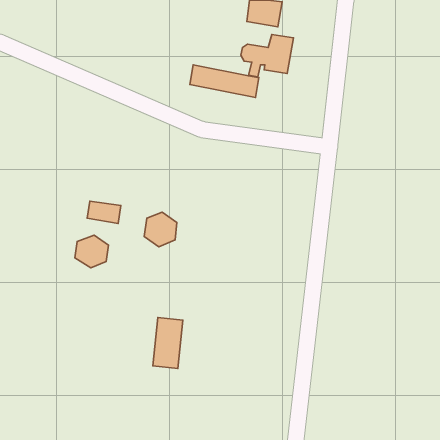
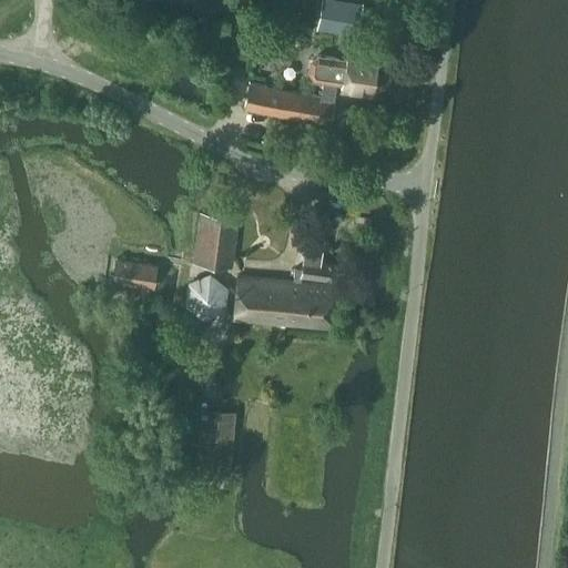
building: none -> [194,214,236,267]
building: none -> [235,239,335,327]
building: [75,235,109,268] -> none

